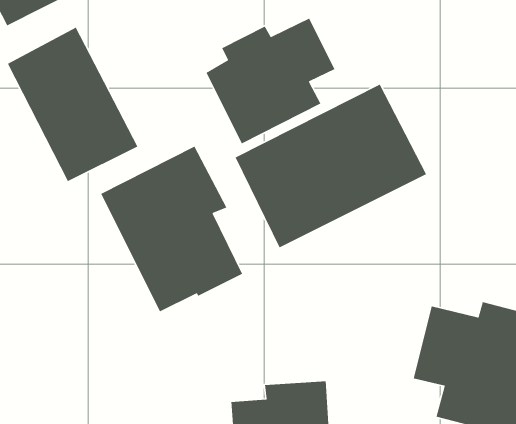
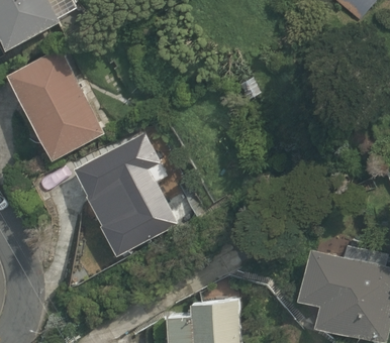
building: [205,17,335,145] -> none
building: [235,84,427,249] -> none

